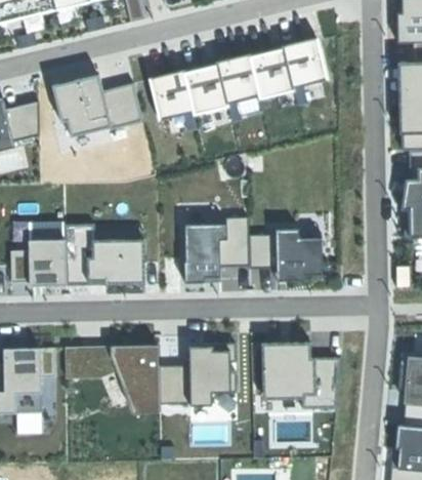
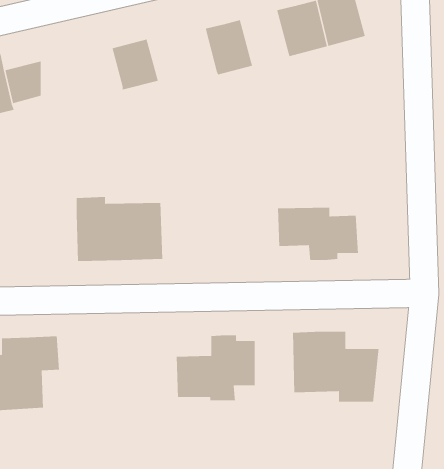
building: [215,56,257,103] -> none
building: [147,71,194,121] -> none
building: [50,75,110,134] -> none
building: [183,216,249,283] -> none
building: [14,238,70,282] -> none
building: [61,345,159,414] -> none

